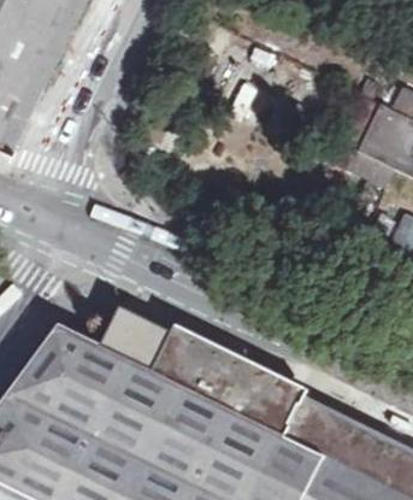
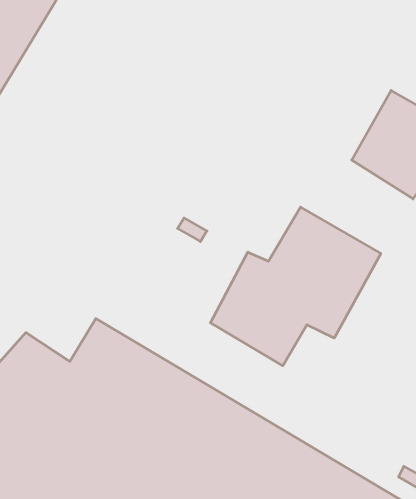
building: none -> [210,207,381,366]

